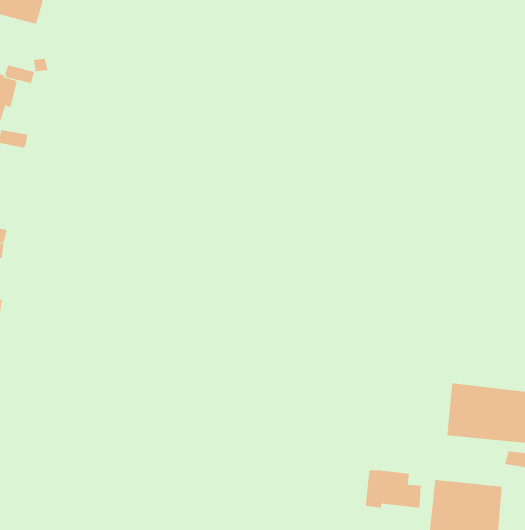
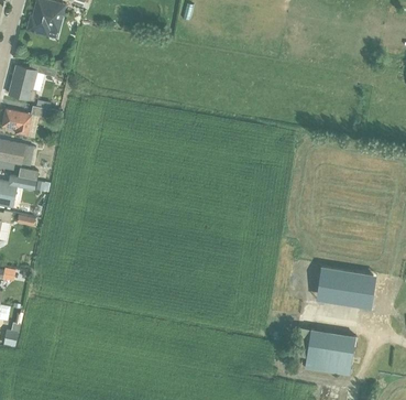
building: [365,469,421,509] -> none

